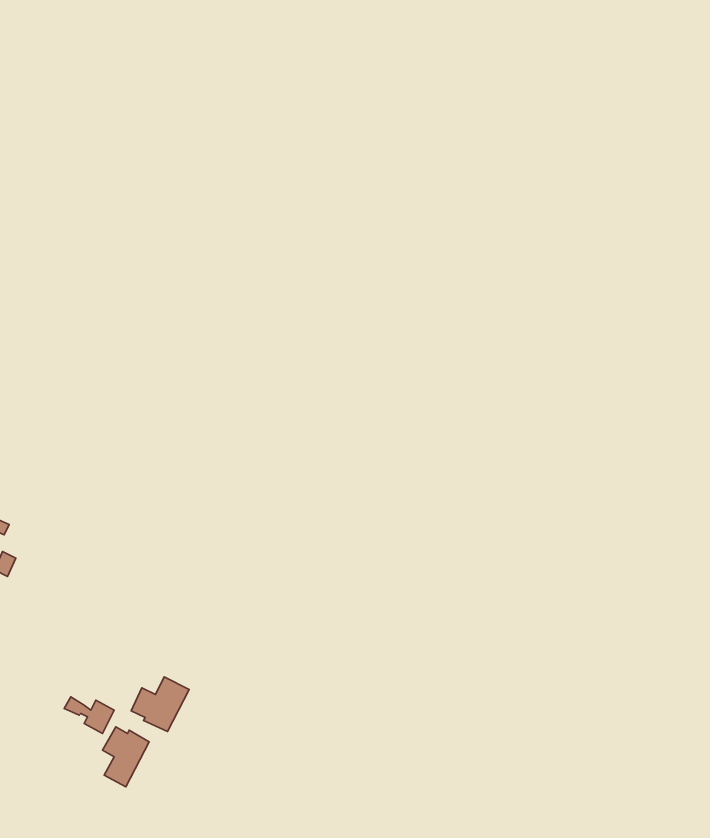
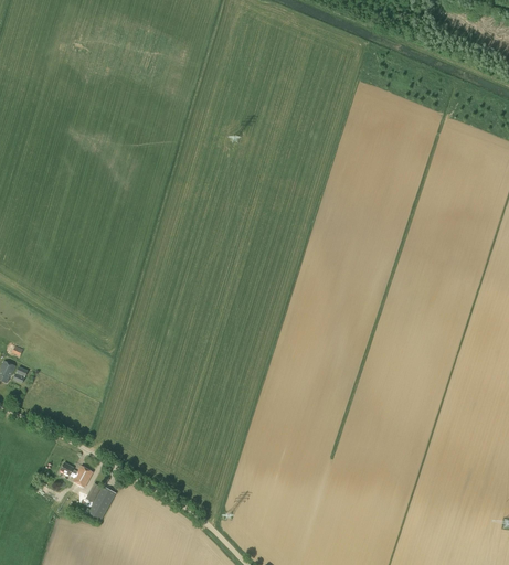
building: [131,677,189,732] -> none

